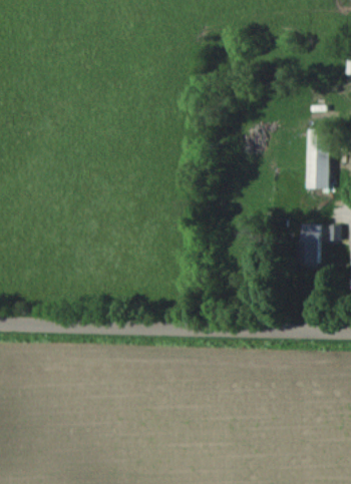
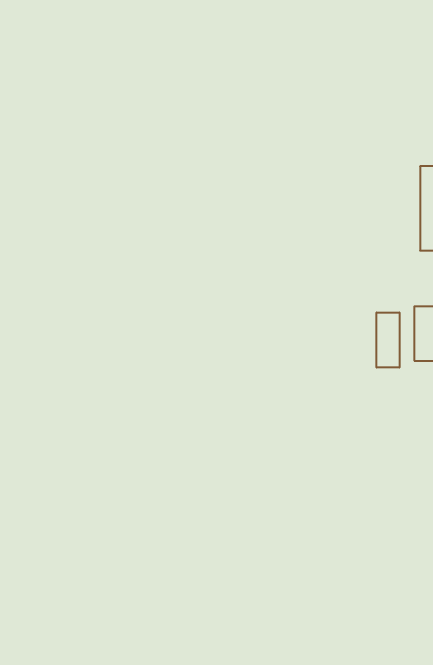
building: none -> [377,312,399,368]

